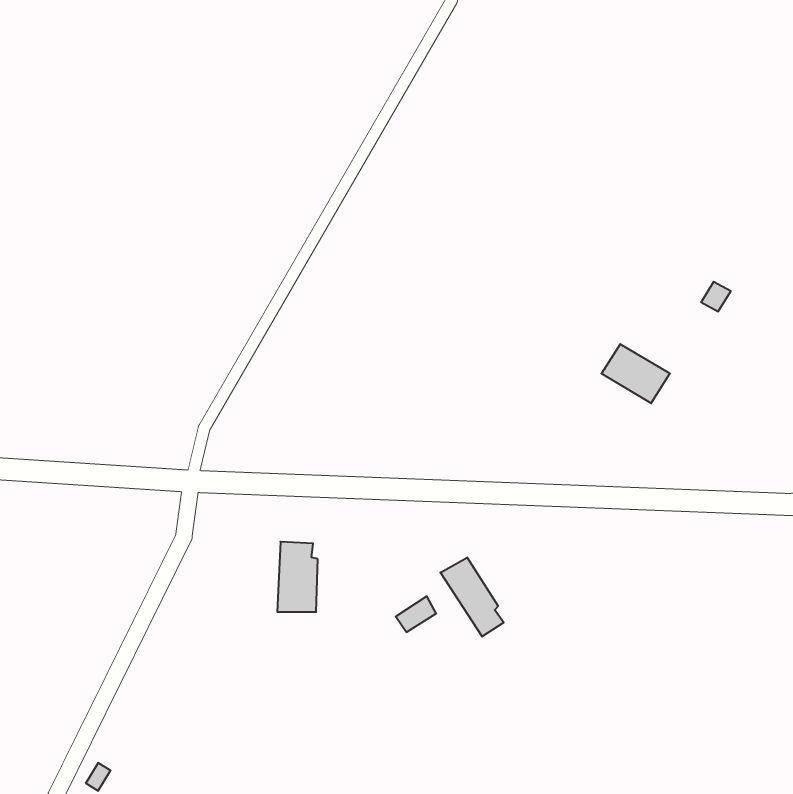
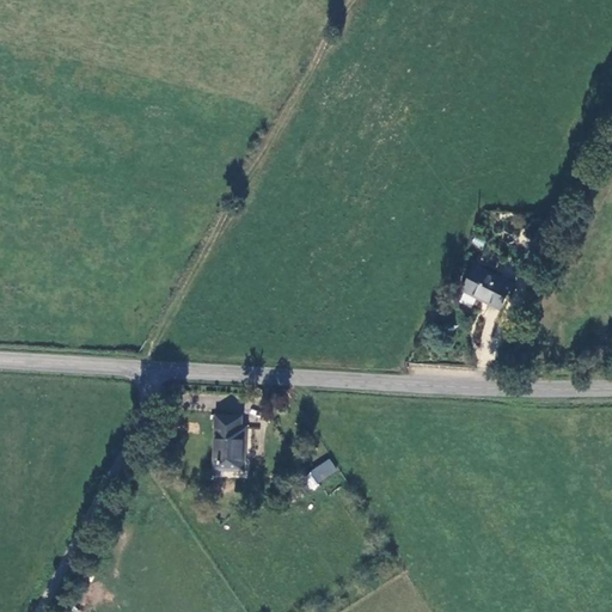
building: [440,557,504,637] -> none

